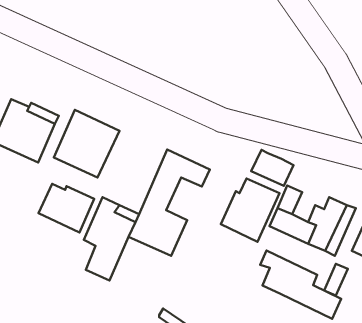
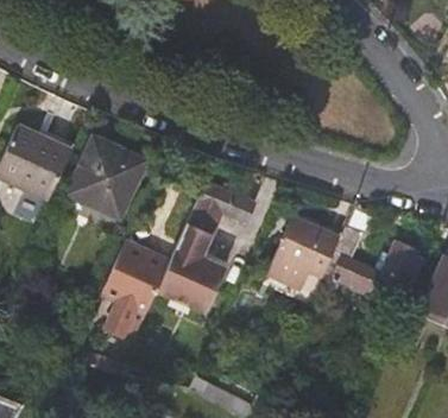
building: [251,150,293,186] -> none
building: [39,184,94,233] -> none
building: [260,251,341,319] -> none

